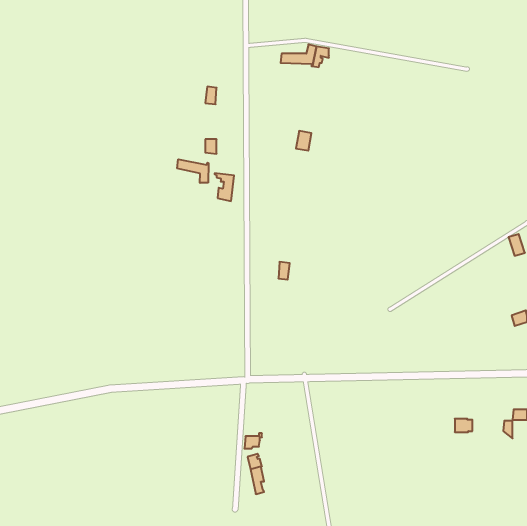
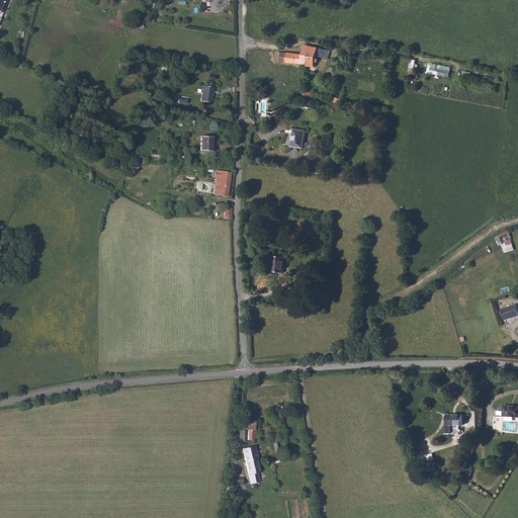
building: [177,159,208,183] -> none

